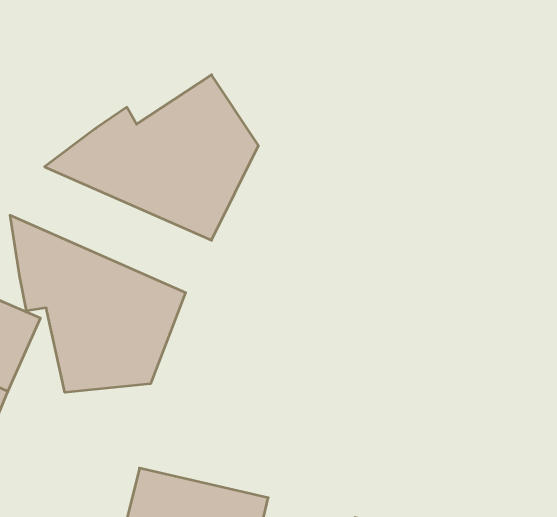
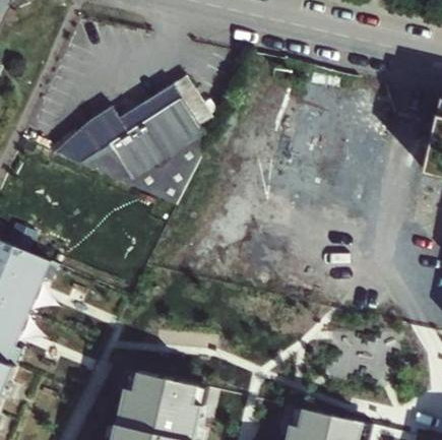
building: [10,215,186,392] -> none

